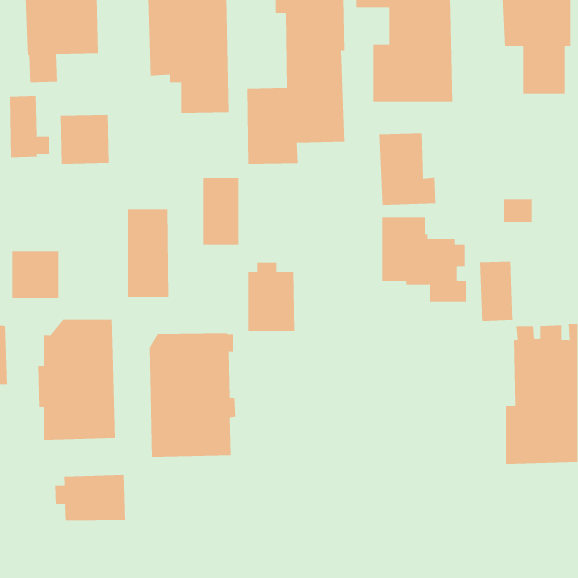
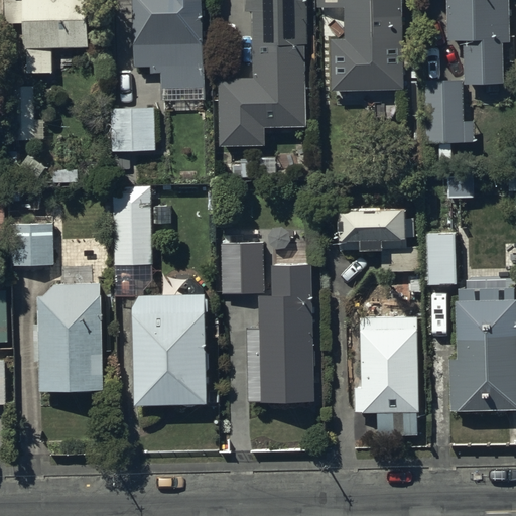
building: [60,114,110,164] -> [110,107,154,151]
building: [378,133,436,206] -> [422,80,474,144]
building: [203,177,239,246] -> none
building: none -> [246,250,314,403]
building: none -> [354,316,418,435]
building: [55,474,126,521] -> none

